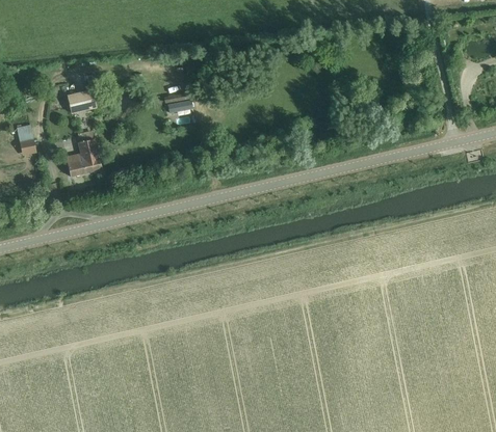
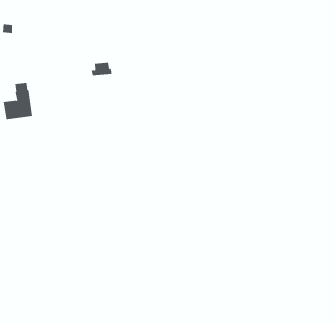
building: [68,88,96,111] -> none

